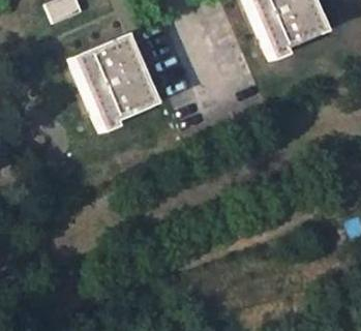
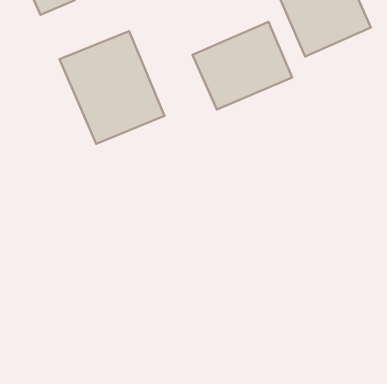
building: none -> [192,22,292,110]

